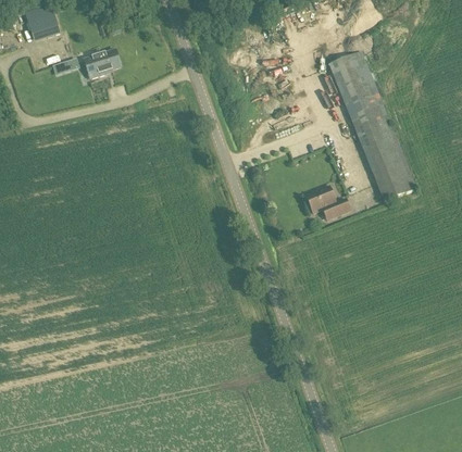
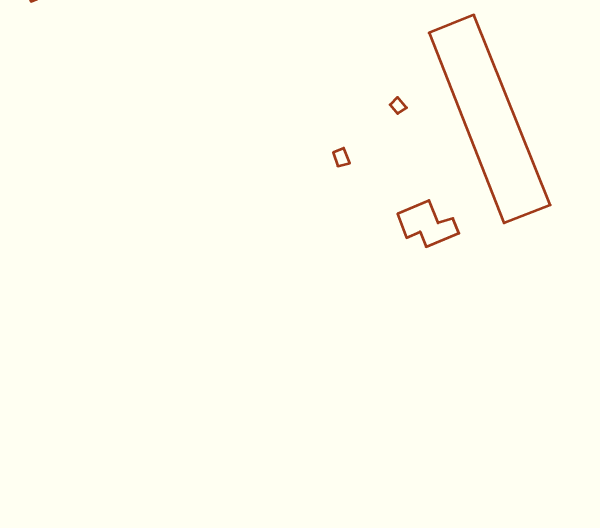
building: [83,47,120,76] -> none

